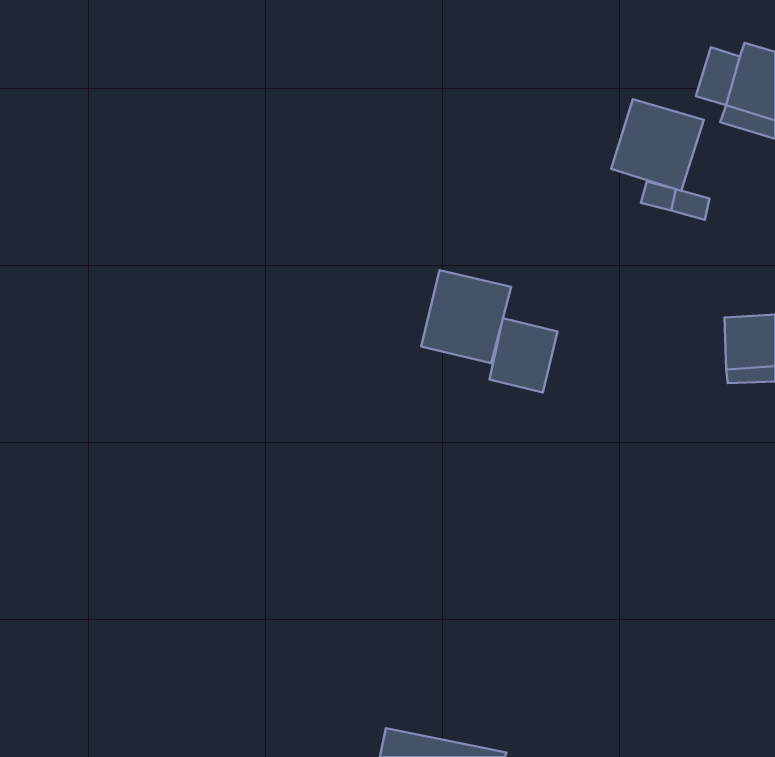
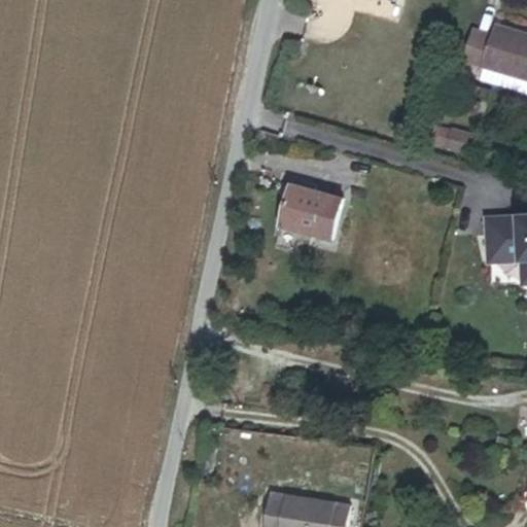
building: [611,99,704,191] -> none
building: [489,318,558,393] -> none

